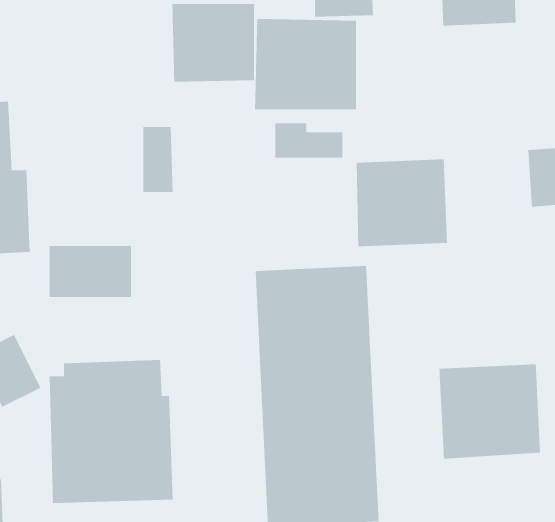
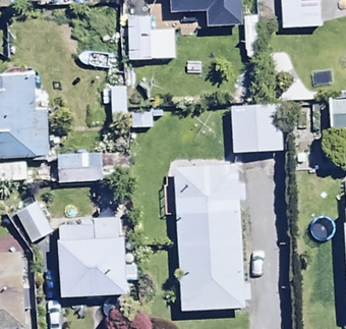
building: [254,18,357,110] -> none
building: [439,363,541,460] -> none

